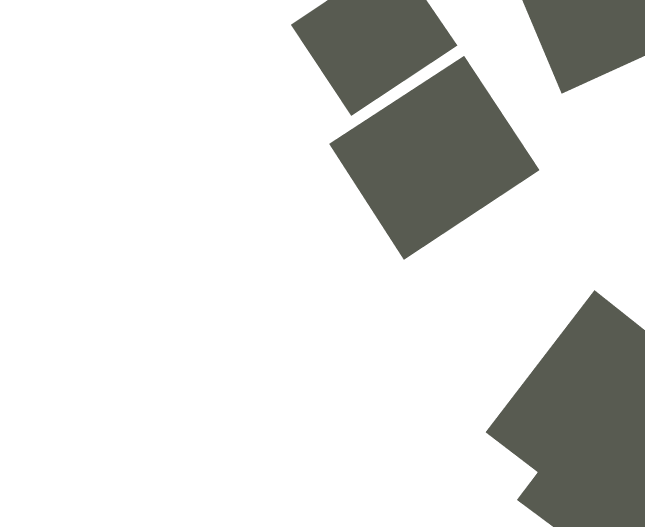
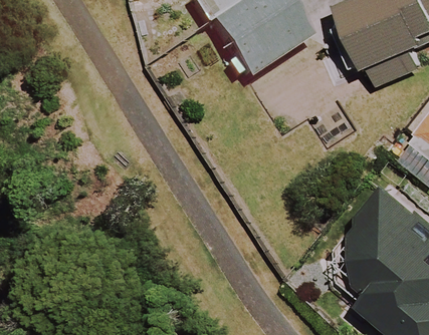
building: [328,55,541,261] -> none

